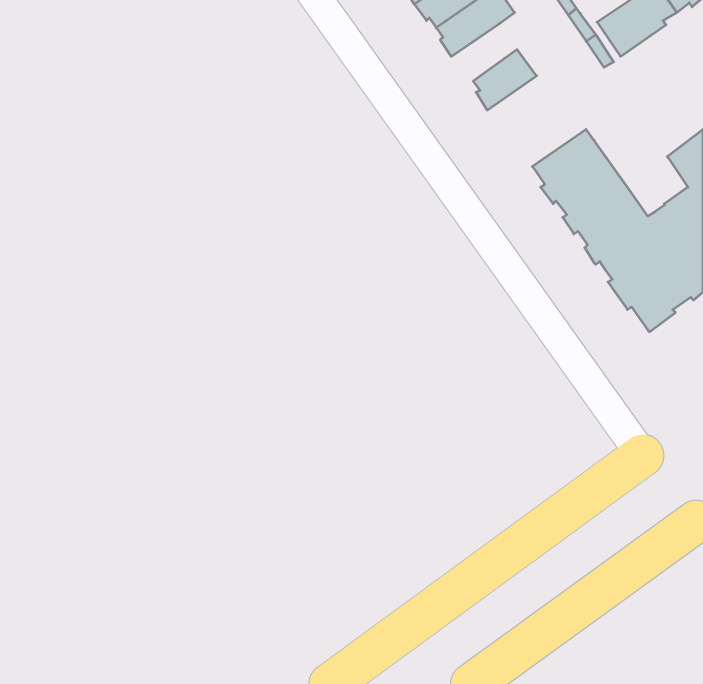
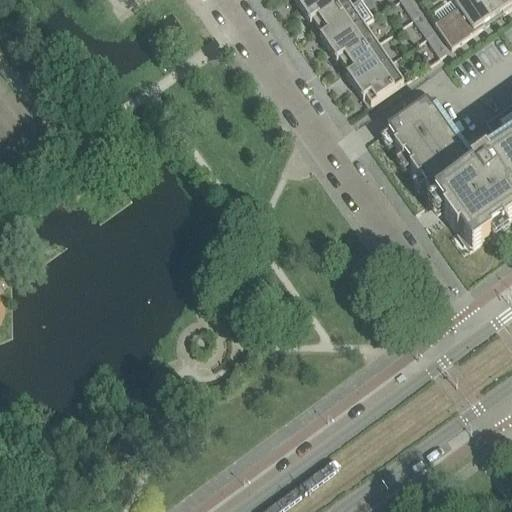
building: none -> [328,17,376,59]
building: none -> [354,55,404,98]

